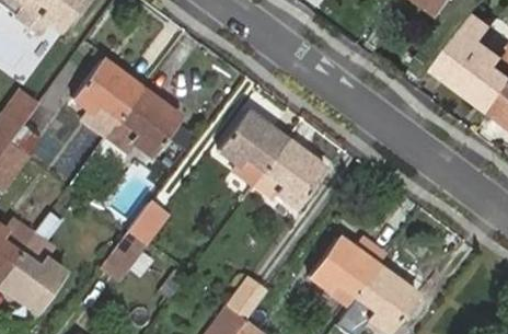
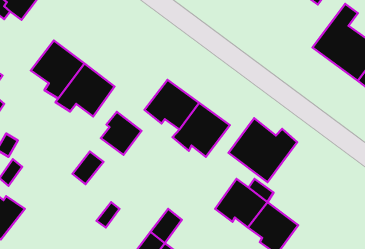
building: none -> [101,112,142,155]
building: none -> [229,118,297,182]
building: [99,231,147,285] -> none

